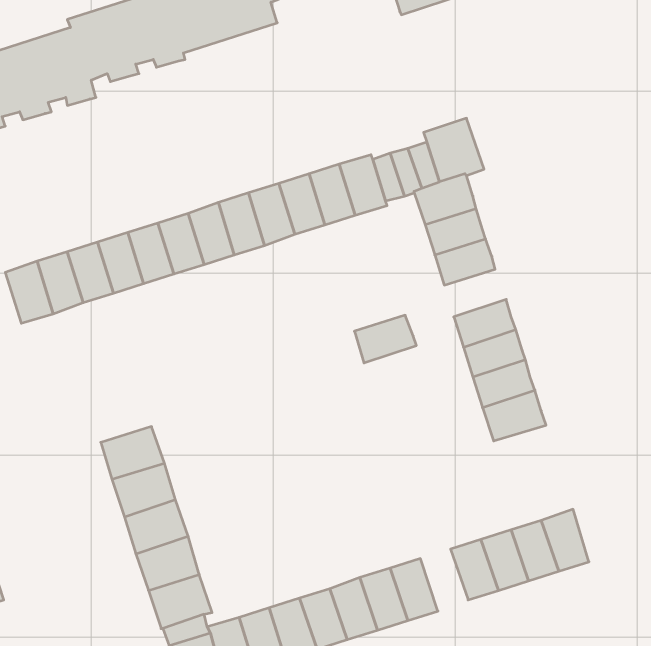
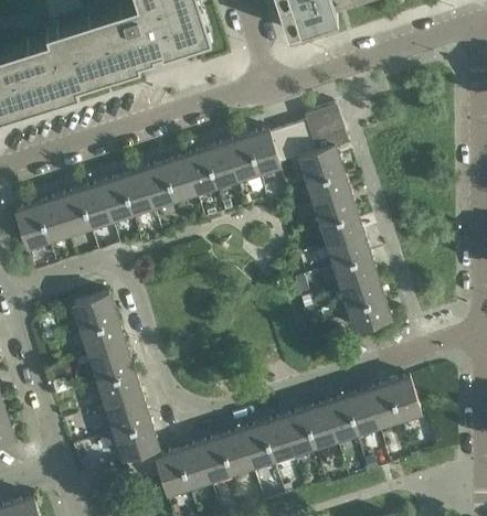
building: [354,315,416,363] -> [319,212,362,245]
building: none -> [72,294,116,332]
building: none -> [303,406,336,449]

